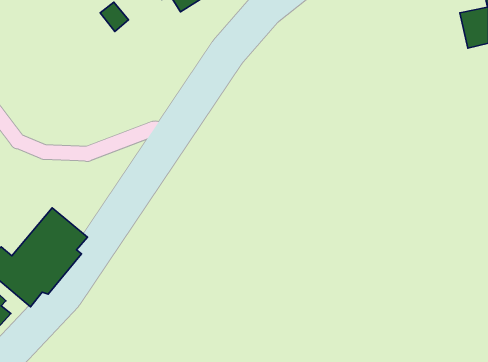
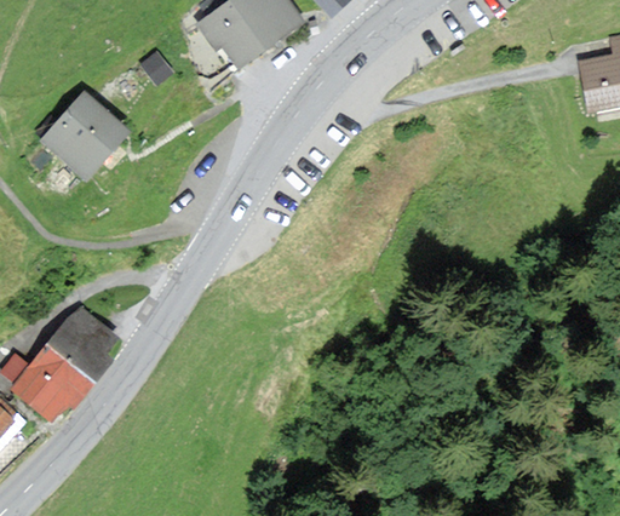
building: none -> [40,92,130,183]

